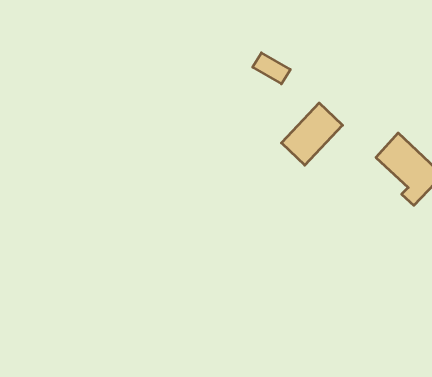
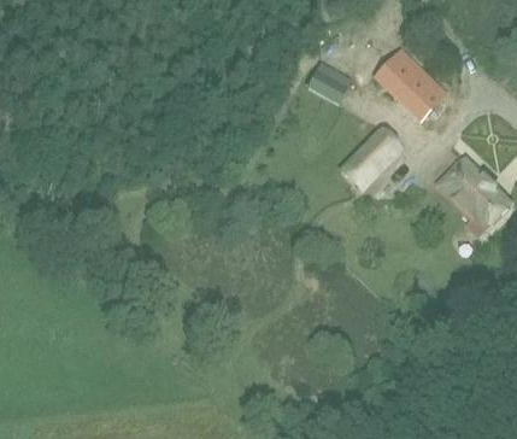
building: none -> [380,52,445,117]

